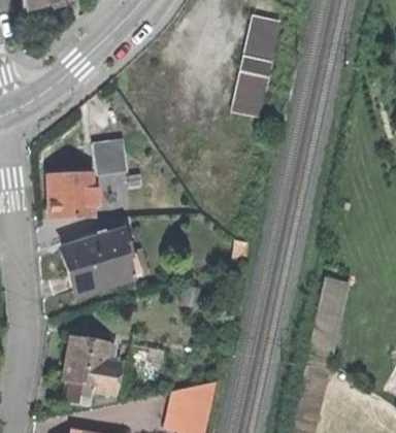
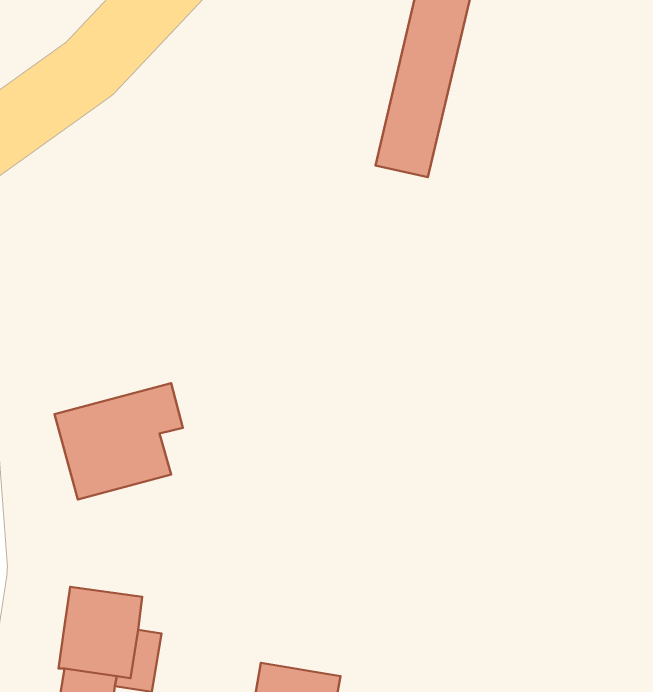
building: [94,140,128,173] -> none
building: [52,174,100,216] -> none

